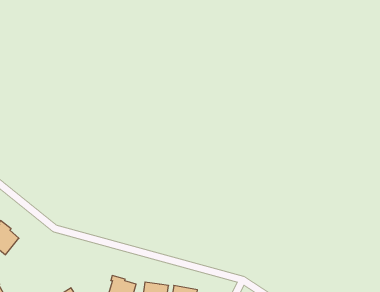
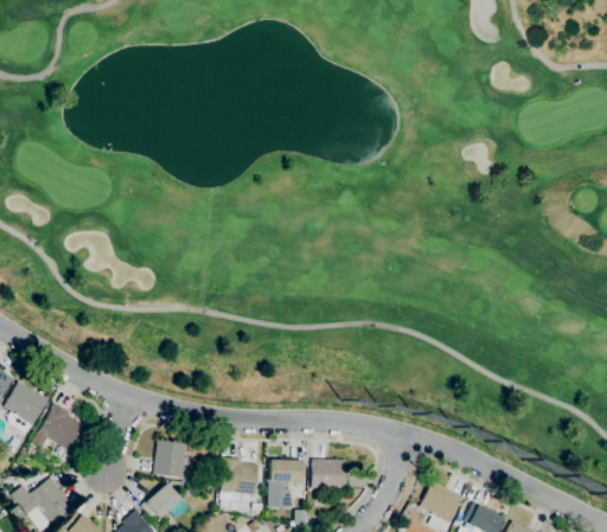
building: none -> [154,440,193,477]

